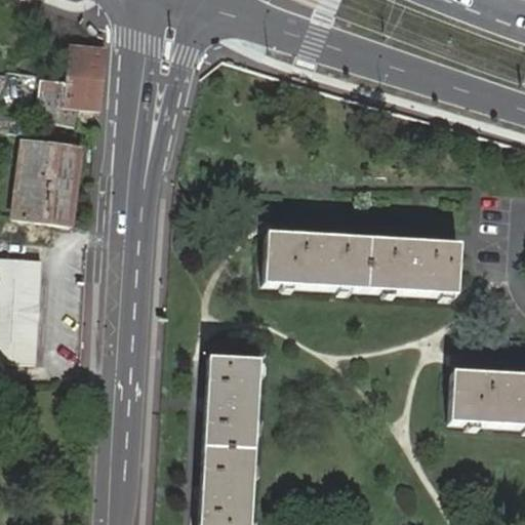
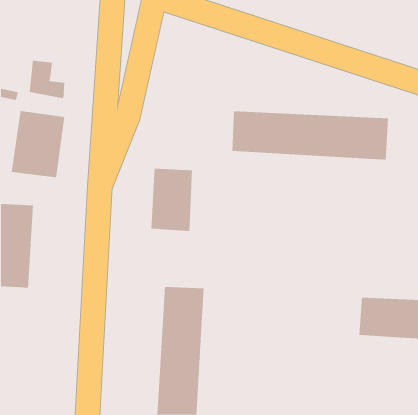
building: [67,43,109,104] -> none
building: none -> [151,168,193,232]
building: [264,232,459,293] -> [231,111,389,160]

